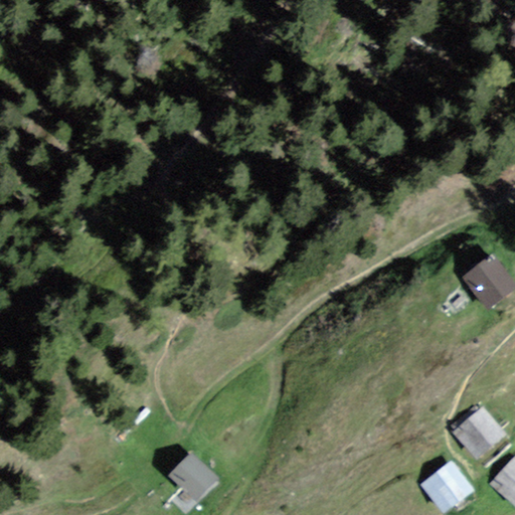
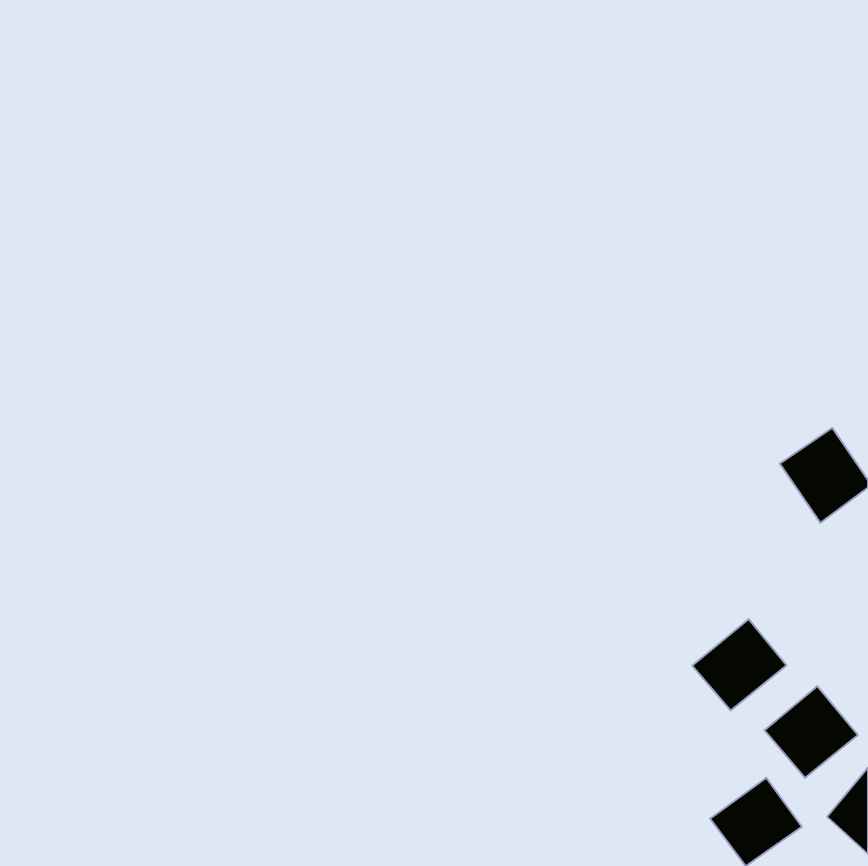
building: none -> [692,619,786,710]
building: [170,451,219,501] -> none

